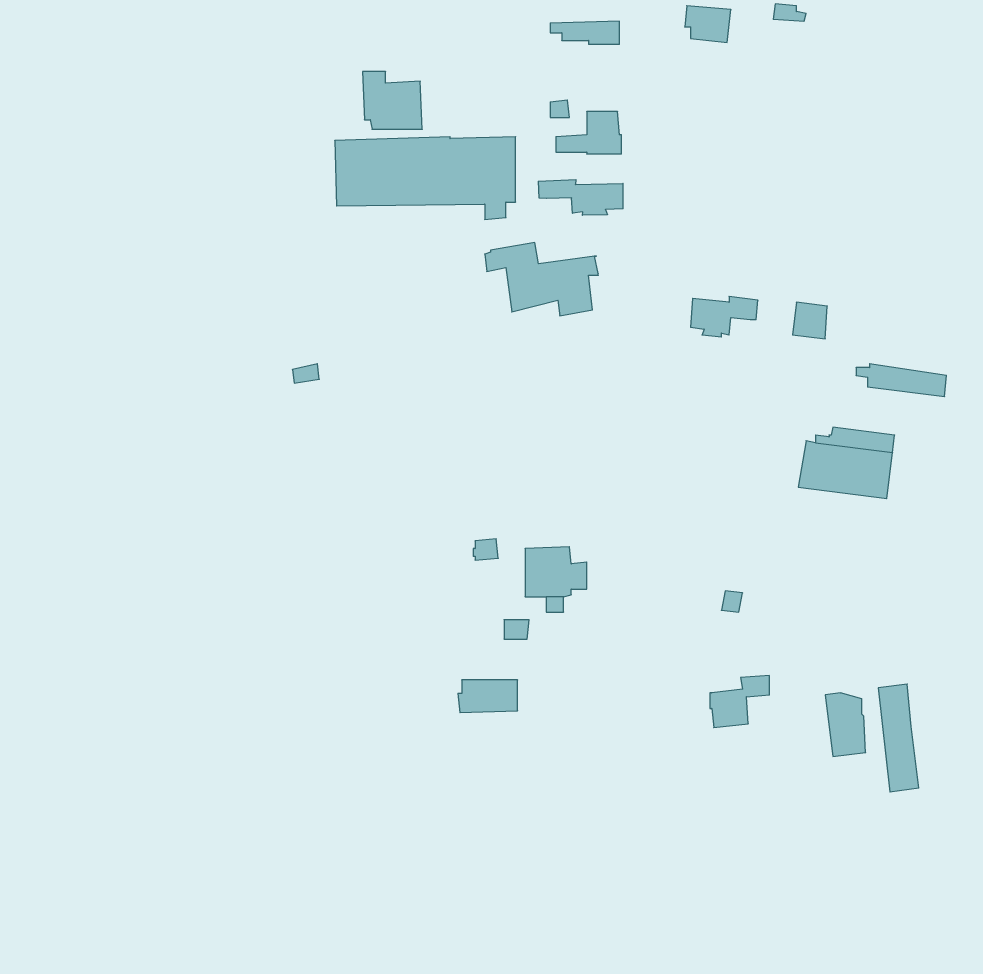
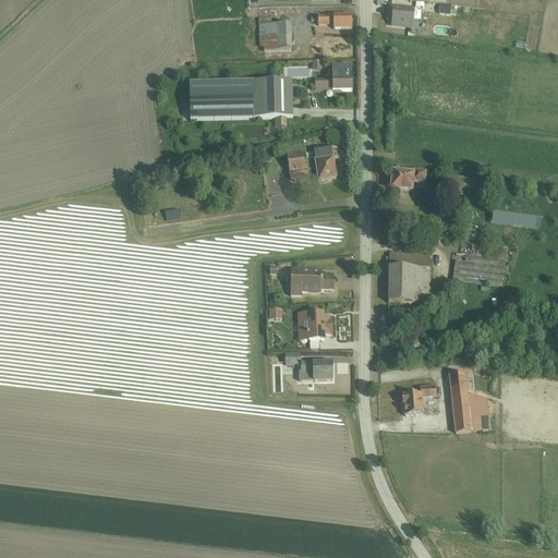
building: [363,72,422,129] -> [258,15,292,48]
building: [538,180,623,215] -> none
building: none -> [388,251,432,300]
building: none -> [291,266,335,294]
building: [458,680,518,713] -> [299,360,332,378]
building: [878,684,919,792] -> [449,369,472,430]

